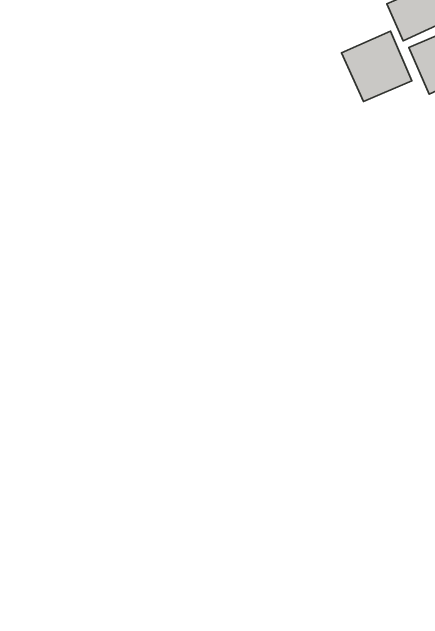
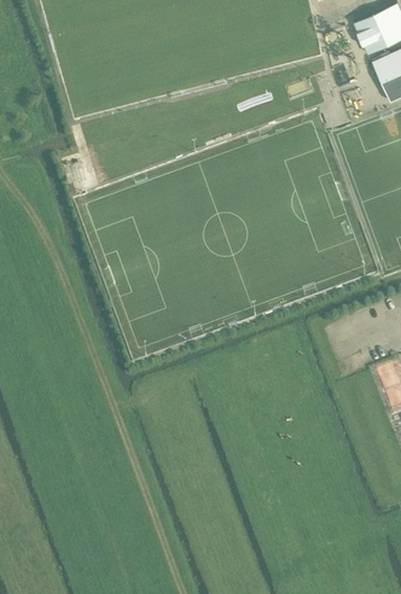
building: [341,31,412,101] -> none

